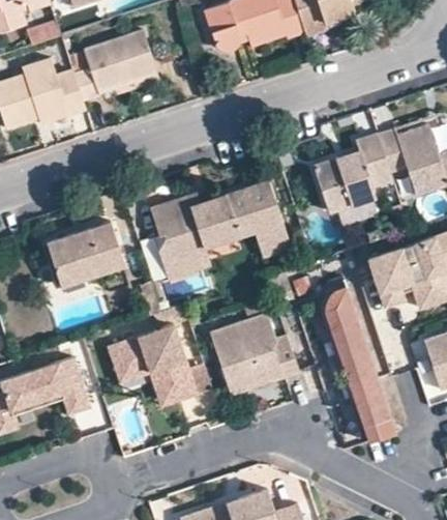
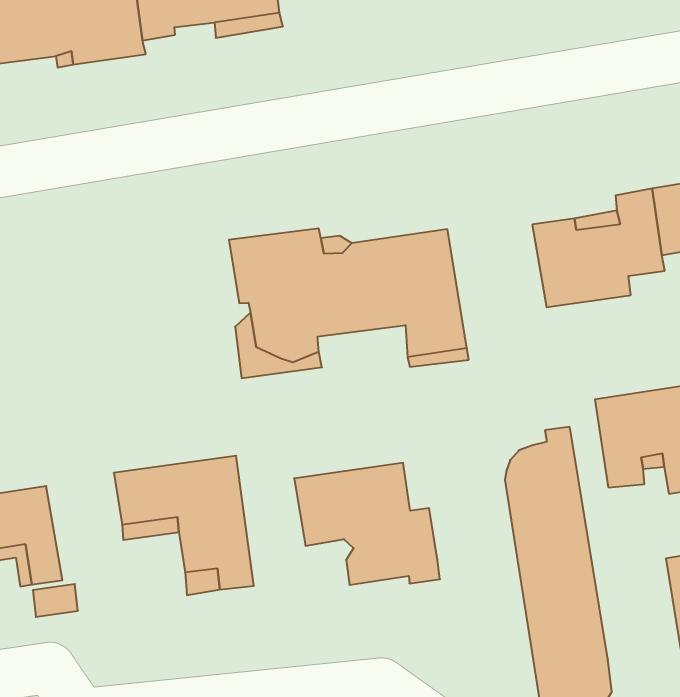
building: [50,224,125,287] -> none
building: [219,359,280,395] -> none

